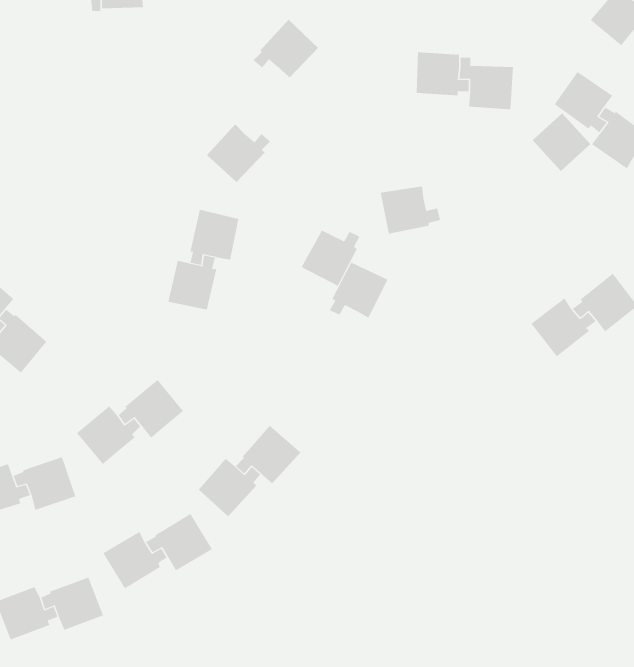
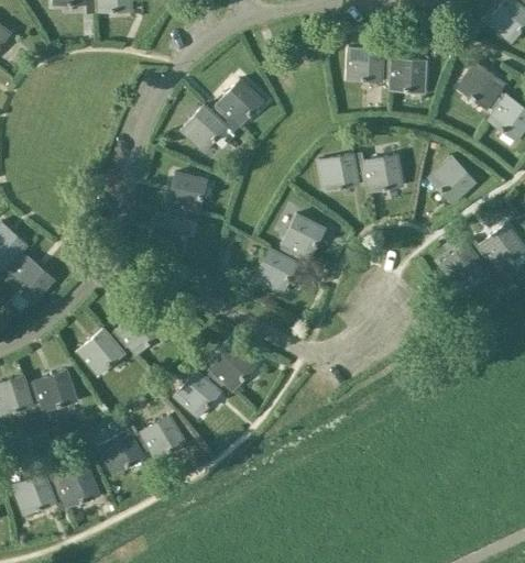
building: [253,19,319,78] -> [211,79,264,126]
building: [532,113,591,172] -> [428,156,475,203]
building: none -> [354,154,403,194]
building: [301,230,360,286] -> [253,249,300,294]

